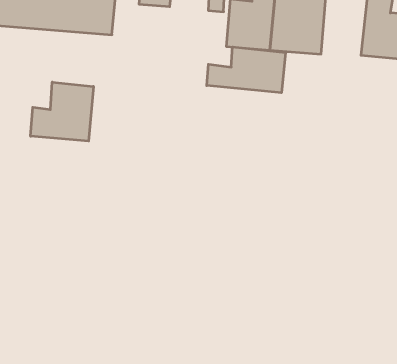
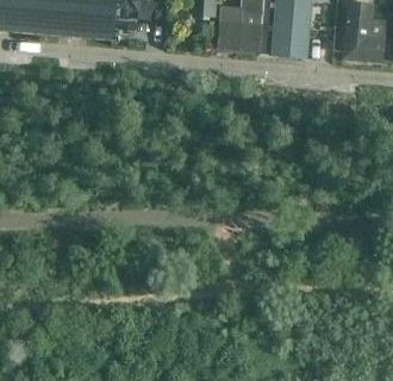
building: [207,47,286,93] -> none
building: [31,82,93,141] -> none

